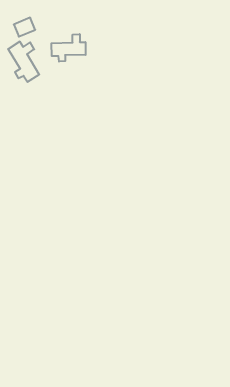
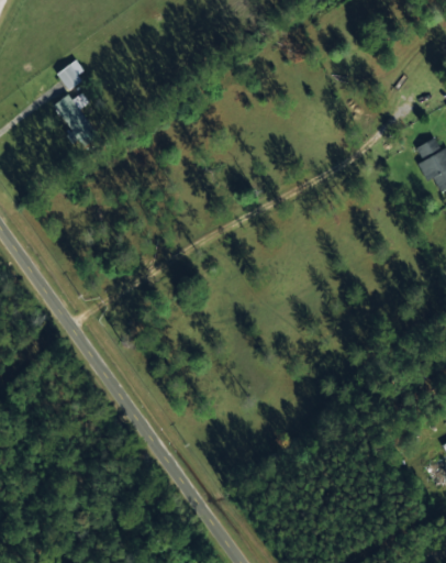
building: [51,34,86,62] -> none

